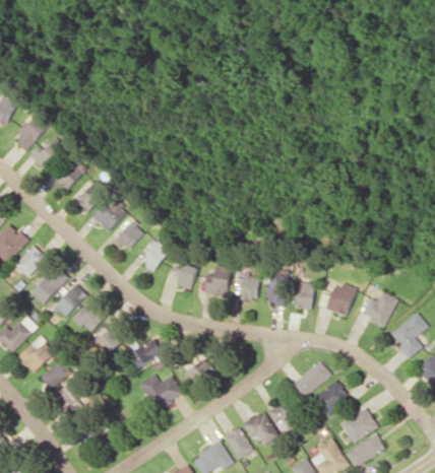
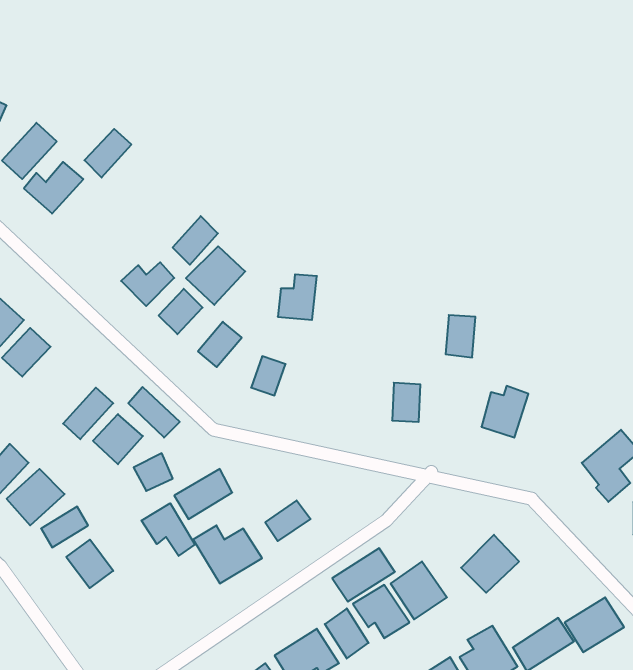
building: [55,159,85,191] -> [84,129,131,178]
building: [77,181,107,212] -> [173,216,218,265]
building: none -> [186,246,245,305]
building: [204,266,230,295] -> [278,274,317,320]
building: [30,269,65,305] -> none
building: [240,274,260,300] -> none
building: [295,282,314,310] -> [446,315,475,357]
building: none -> [128,387,180,438]
building: [361,291,397,326] -> none
building: none -> [141,503,195,556]
building: [291,362,331,397] -> [332,548,395,602]
building: [338,408,377,444] -> [565,597,624,652]

